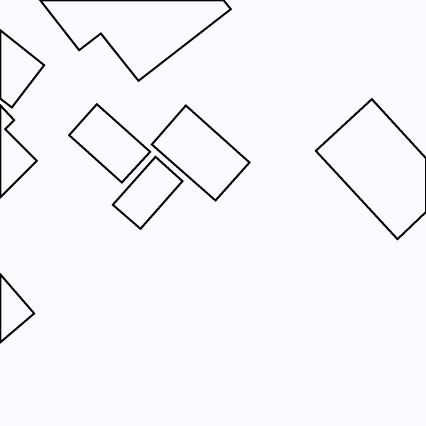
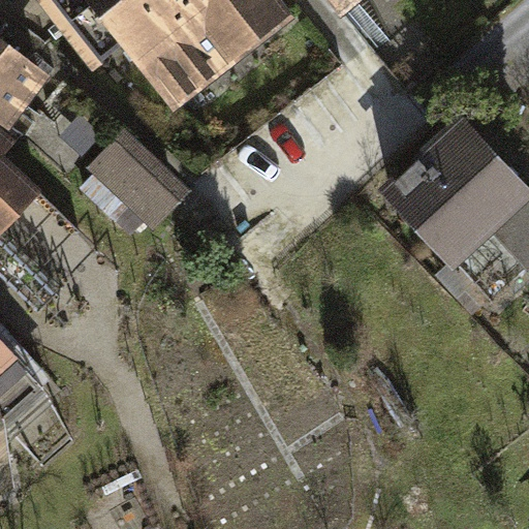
building: [152,105,250,201] -> none
building: [113,157,183,229] -> none

